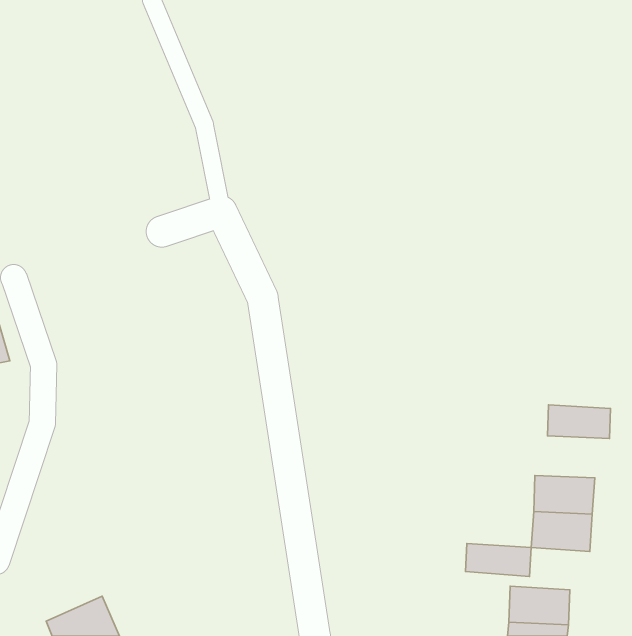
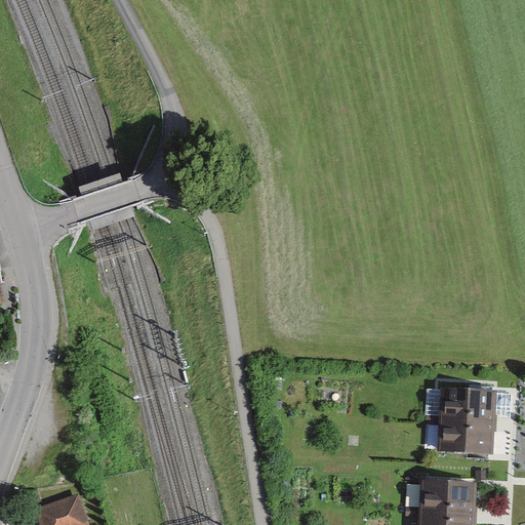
building: [547,405,610,438] -> none
building: [465,544,531,577] -> none

